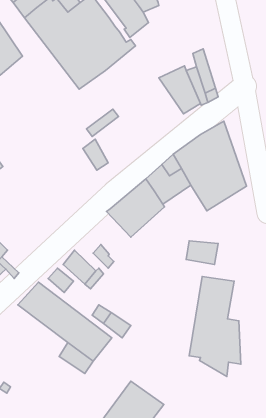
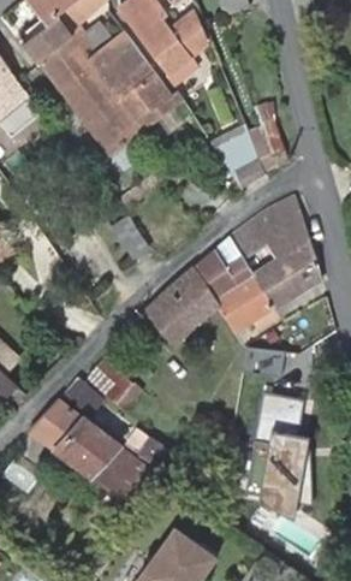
building: none -> [215,275,272,331]

